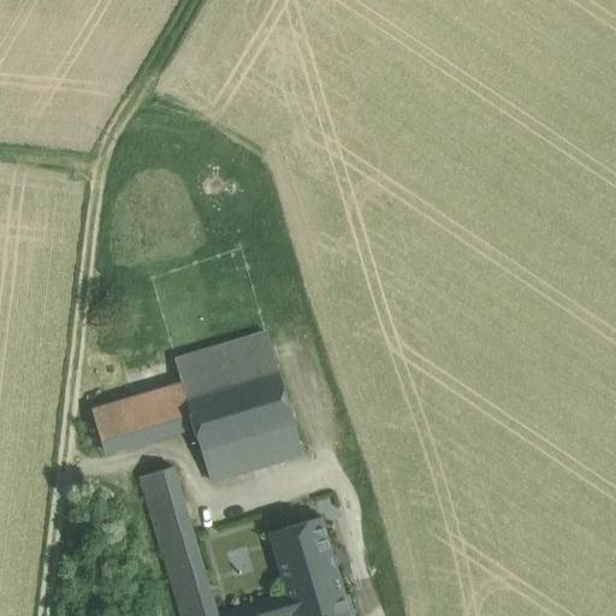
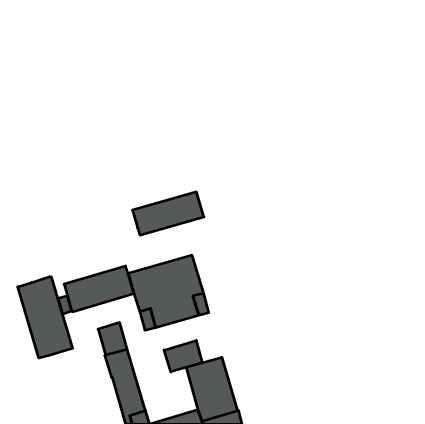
building: [174,333,278,396] -> [132,192,204,235]
building: none -> [18,277,73,358]
building: none -> [164,340,202,372]

